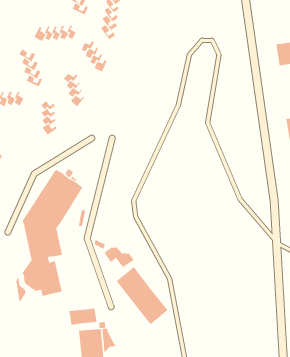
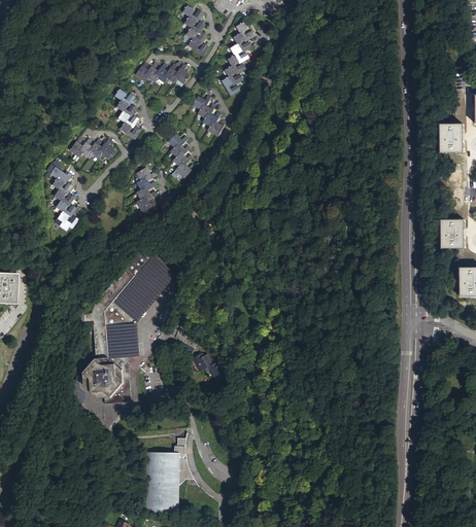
building: [116,266,168,325] -> none
building: [69,308,97,325] -> none

